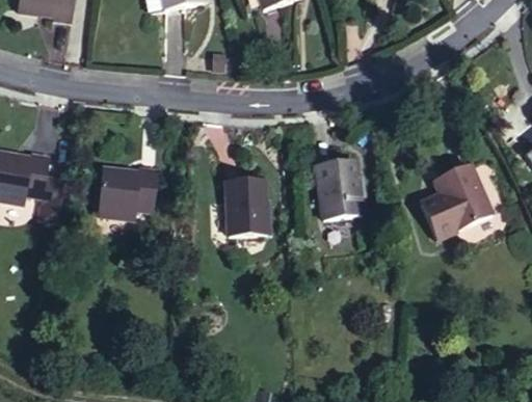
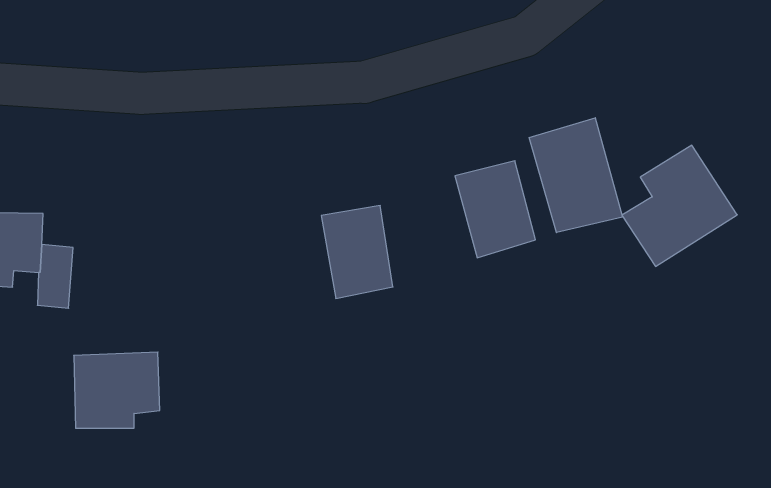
building: none -> [529,118,622,233]
building: [100,167,158,218] -> [74,352,160,428]

